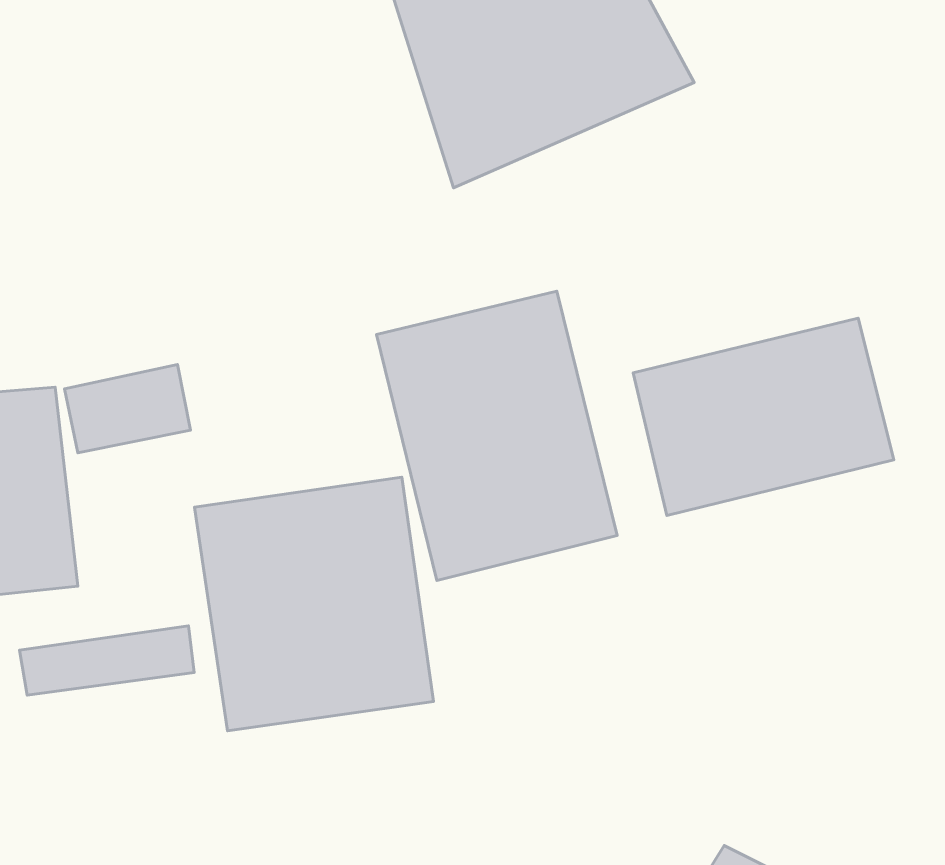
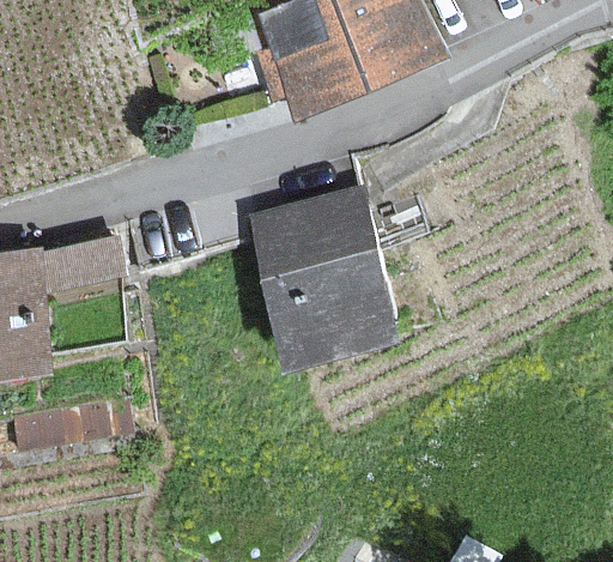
building: [633,318,894,515] -> none
building: [194,477,433,731] -> none

